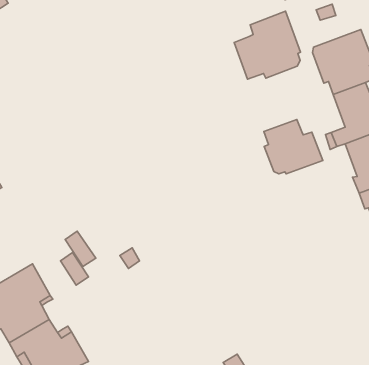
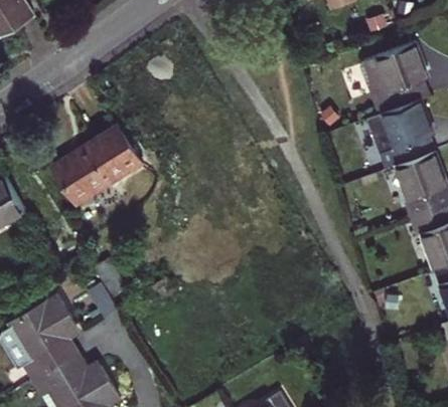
building: [234,11,301,79] -> none
building: none -> [52,126,141,205]
building: [264,119,323,174] -> none

